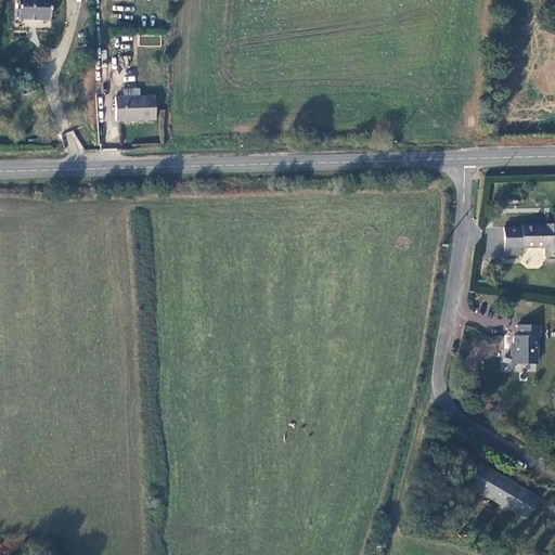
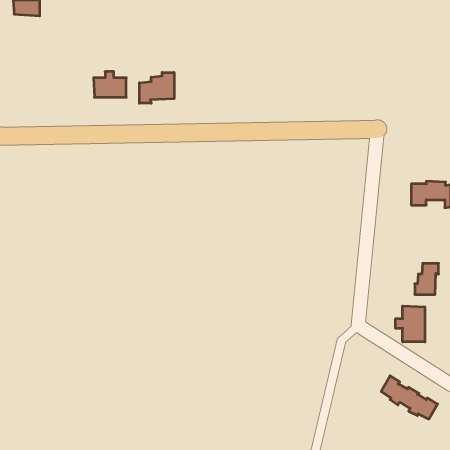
building: none -> [139,72,174,103]
building: none -> [396,306,425,342]

